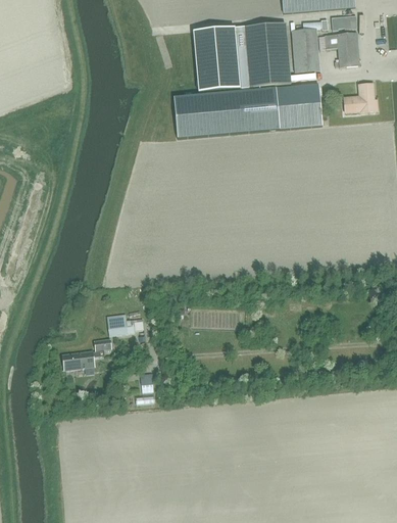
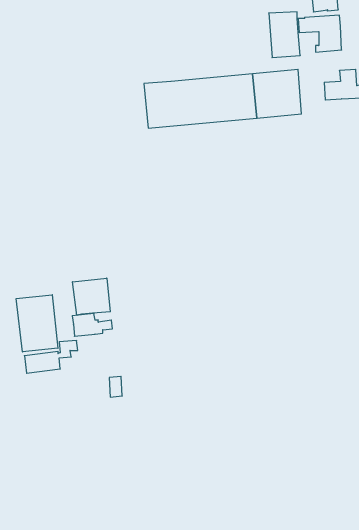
building: [193,21,290,91] -> none
building: none -> [73,278,110,315]
building: none -> [16,295,58,352]

